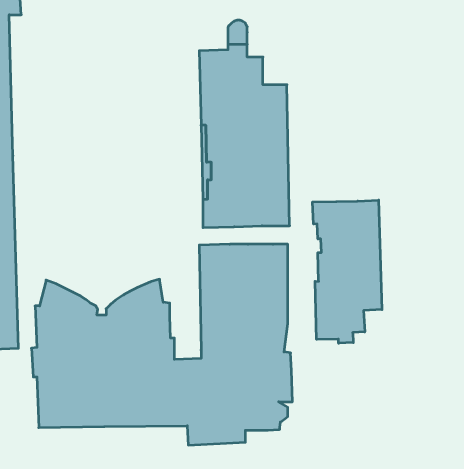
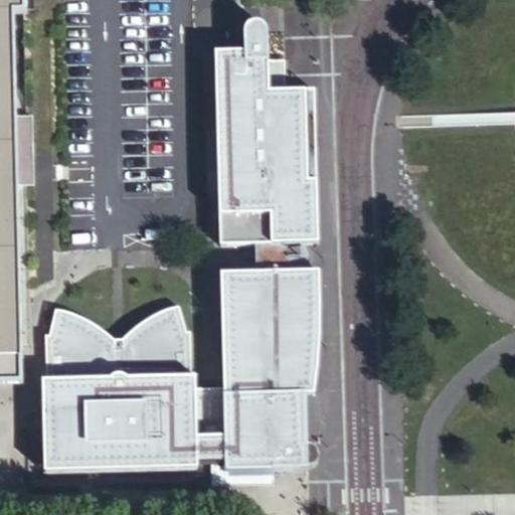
building: [313,200,382,343] -> none

